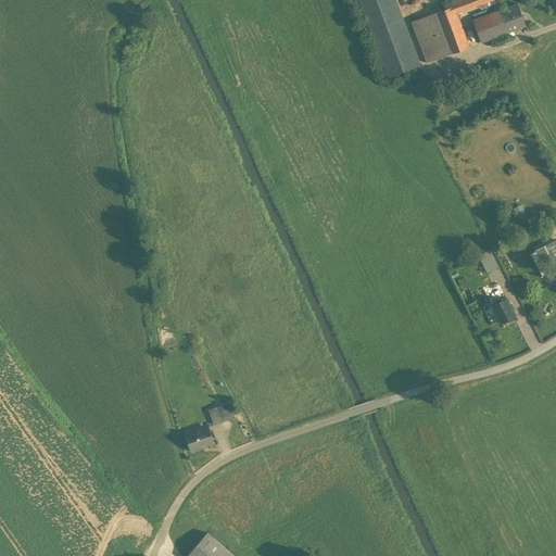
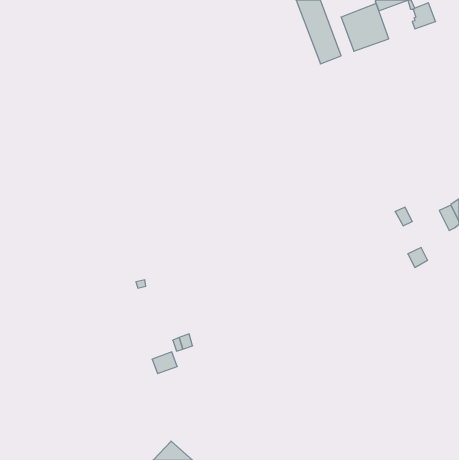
building: [471,11,502,42] -> none

